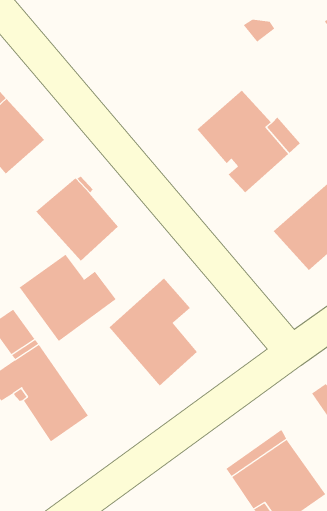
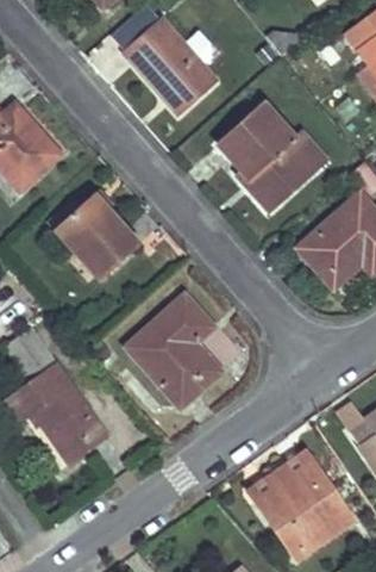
building: none -> [124,19,217,114]
building: [19,254,117,342] -> none

